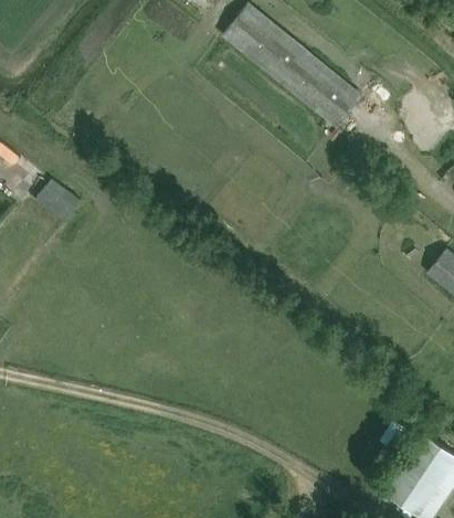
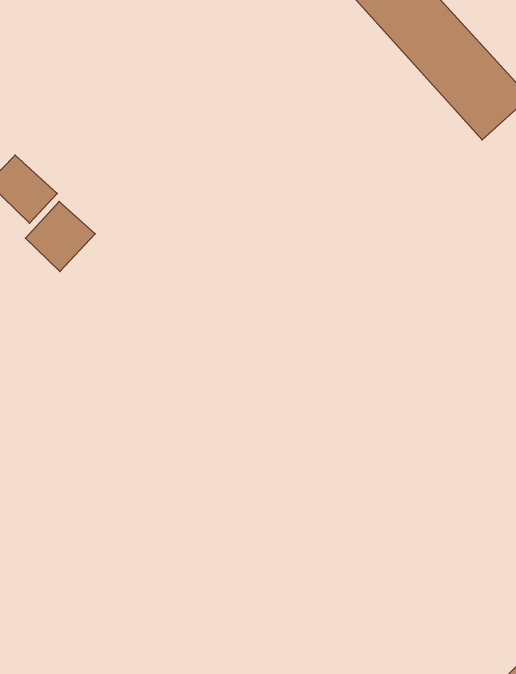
building: none -> [26,201,95,271]

